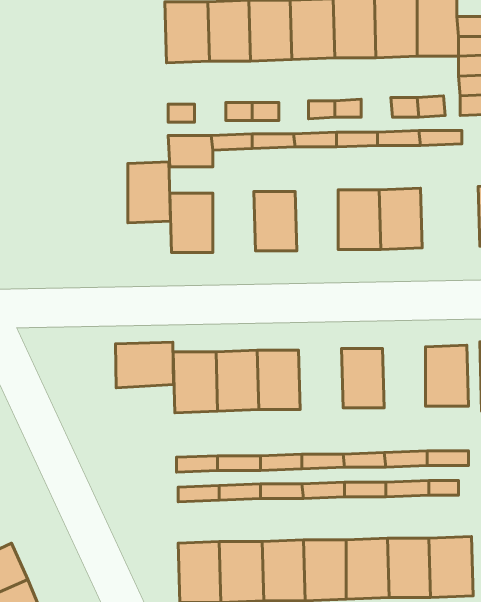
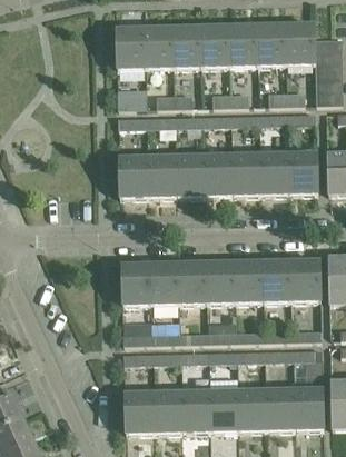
building: [128,162,171,223] -> [148,156,177,197]
building: none -> [288,153,317,193]
building: none -> [204,155,233,196]
building: [115,342,174,388] -> none
building: none -> [263,260,291,301]
building: none -> [206,261,236,302]

